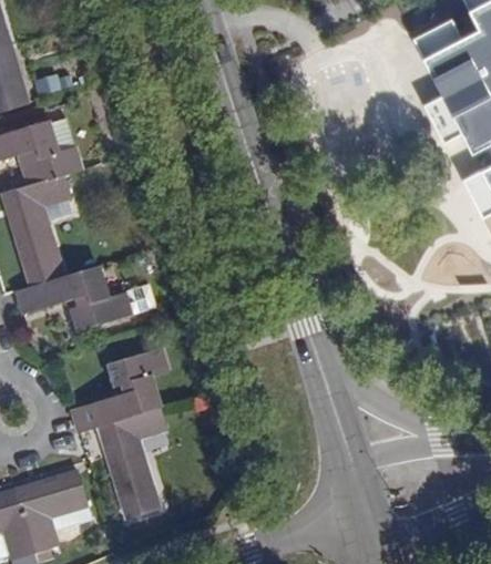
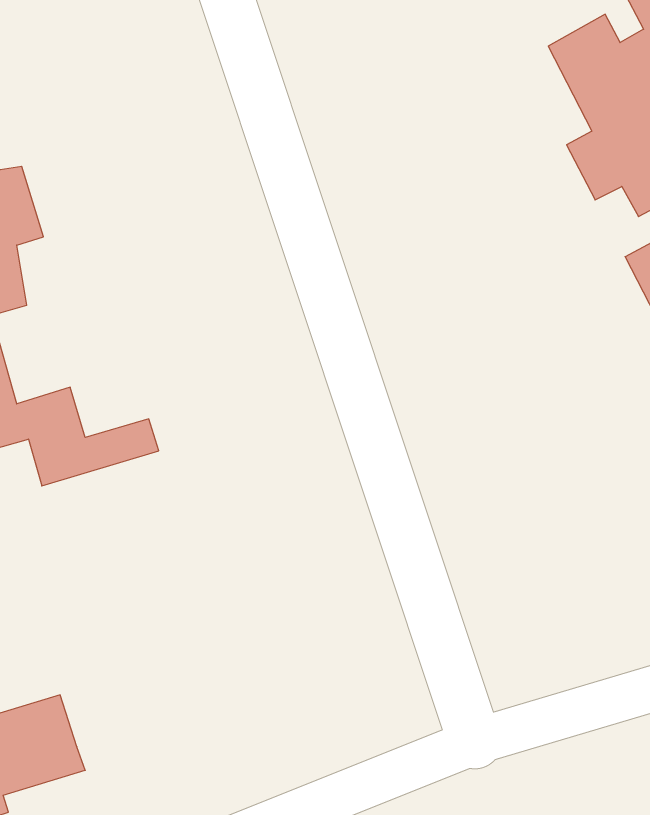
building: [71,350,166,519] -> none

